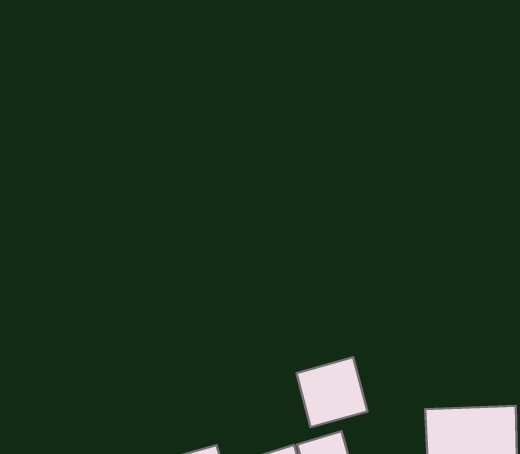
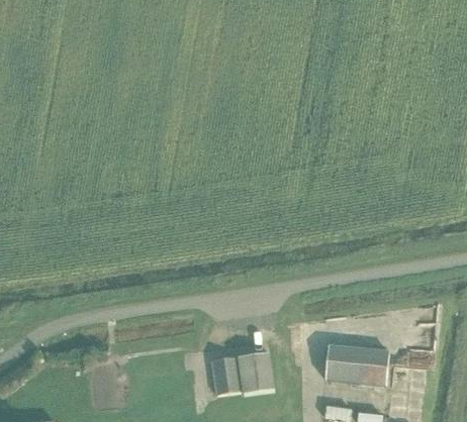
building: [296,357,367,427] -> none

